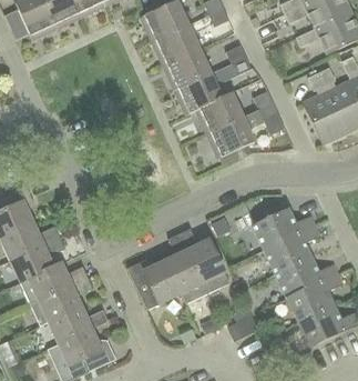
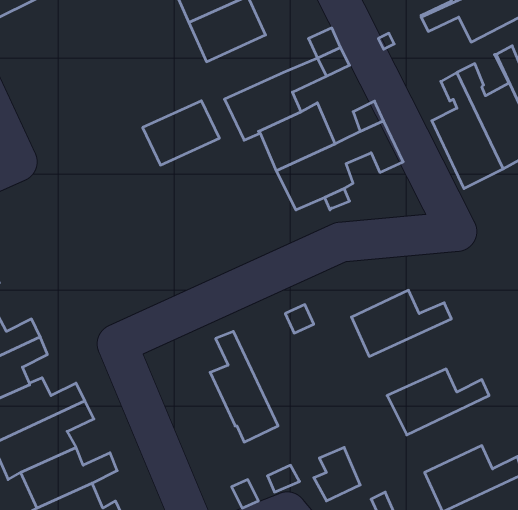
building: [163,49,211,89] -> [143,101,219,165]
building: [264,225,320,273] -> none
building: [180,228,229,292] -> none
building: [127,259,181,309] -> none
building: [287,273,342,321] -> none

